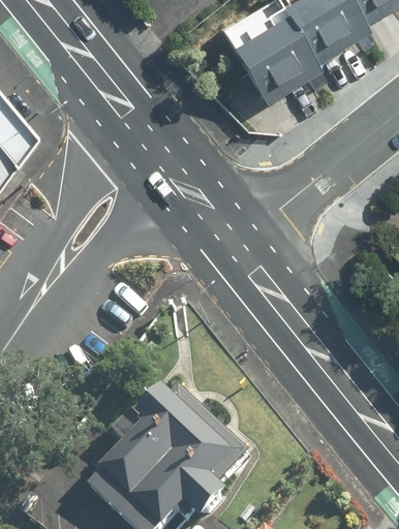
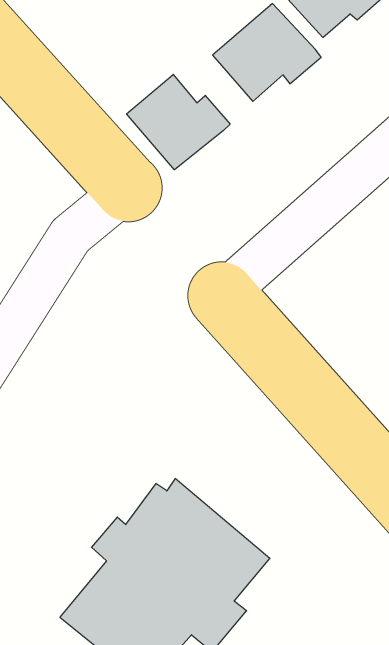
building: none -> [127,74,230,170]

